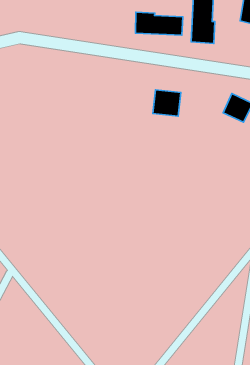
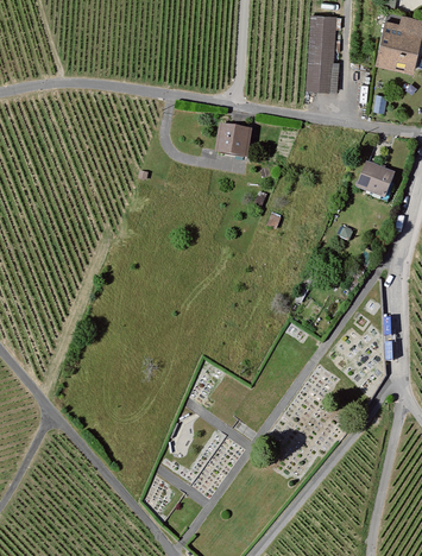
building: [136,12,183,35] -> none
building: [153,90,181,116] -> [210,122,250,159]

